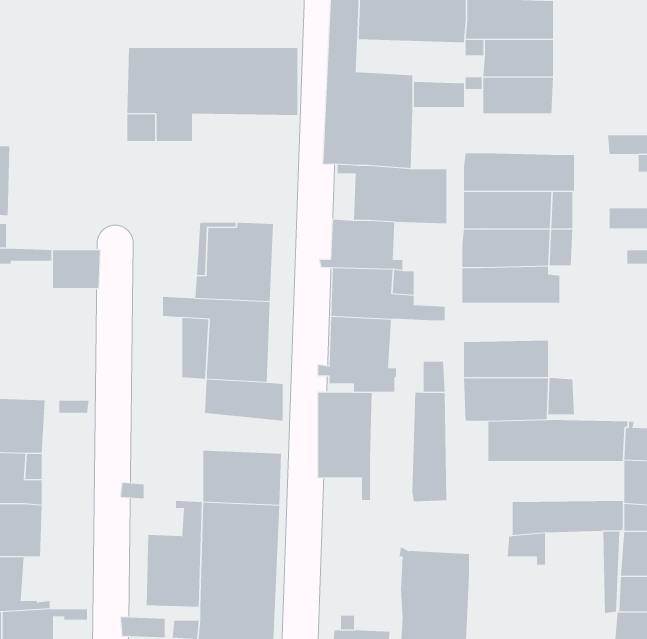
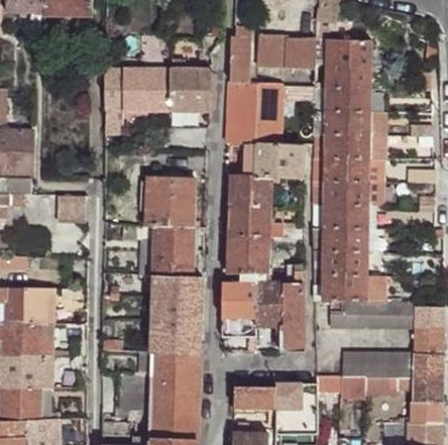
building: none -> [315,111,383,136]
building: none -> [313,229,368,253]
building: none -> [256,285,284,347]
building: none -> [151,298,202,323]
building: none -> [234,386,275,408]

